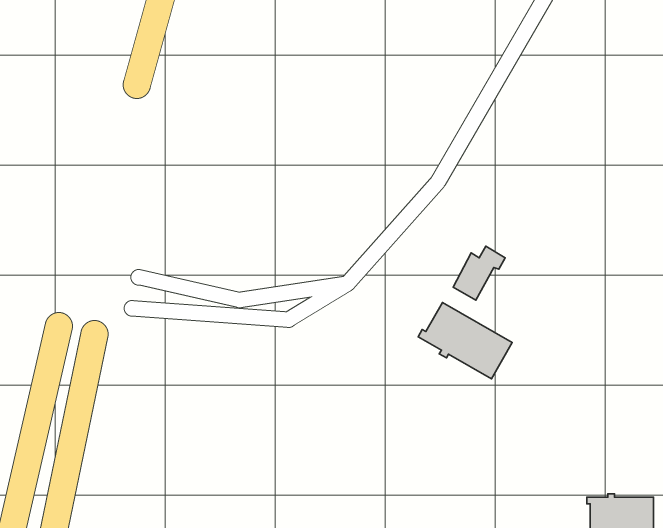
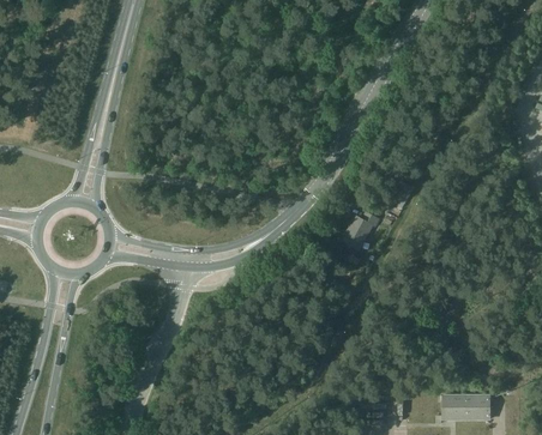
building: [418,302,512,379] -> none

